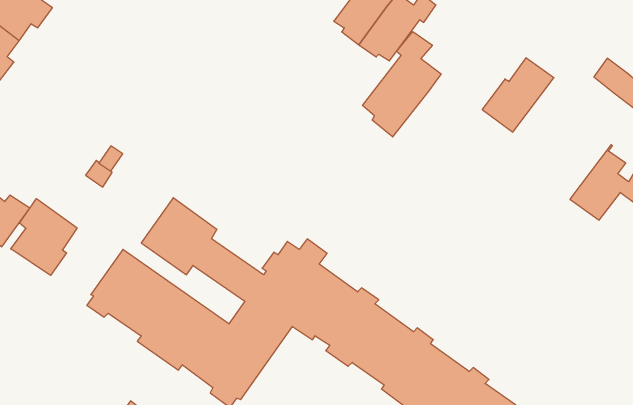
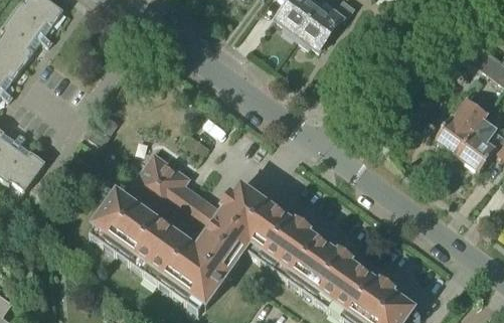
building: [363,32,441,137] -> none
building: [482,58,554,132] -> [432,98,486,154]
building: [11,199,77,275] -> none

